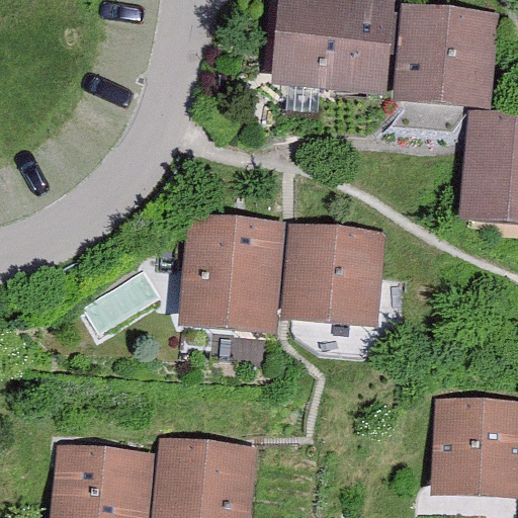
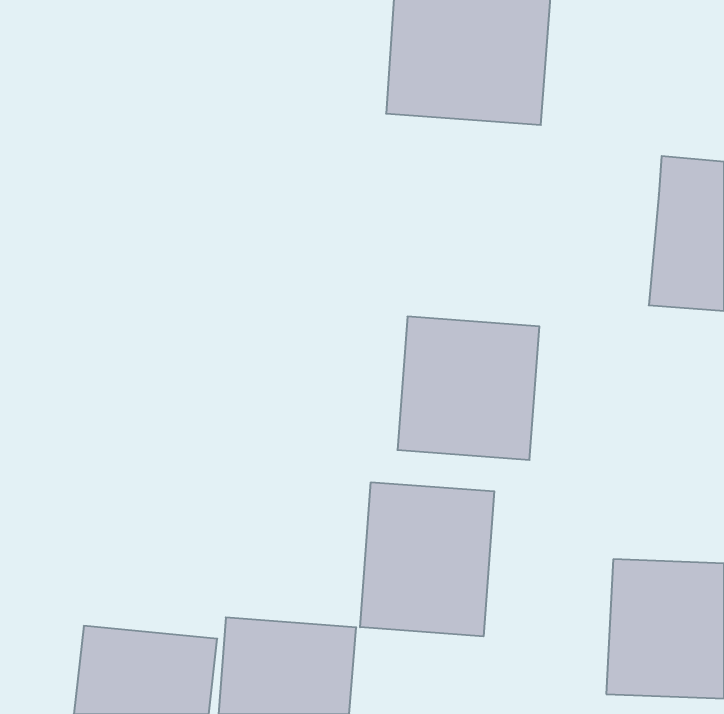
building: [397,4,498,104] -> none
building: [180,214,281,332] -> none
building: none -> [360,482,494,636]

